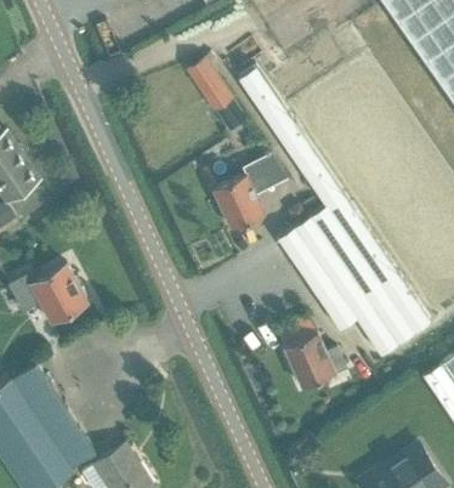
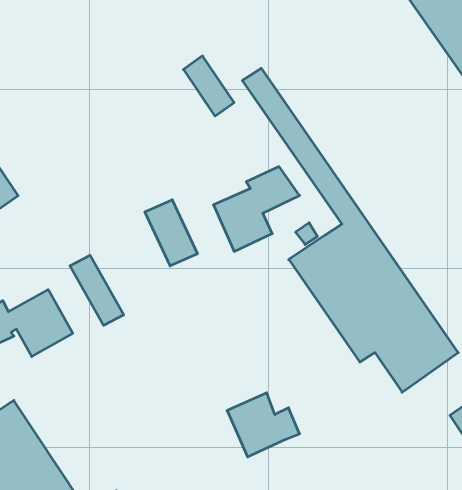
building: none -> [145,200,197,266]
building: none -> [70,255,124,325]
building: [284,333,348,390] -> [227,393,300,457]

